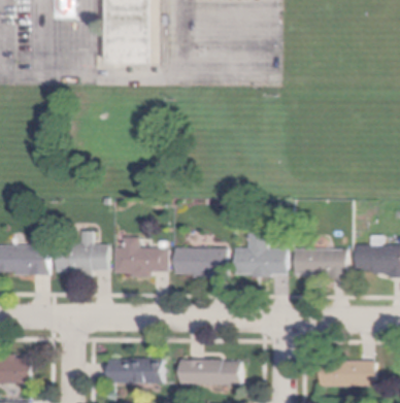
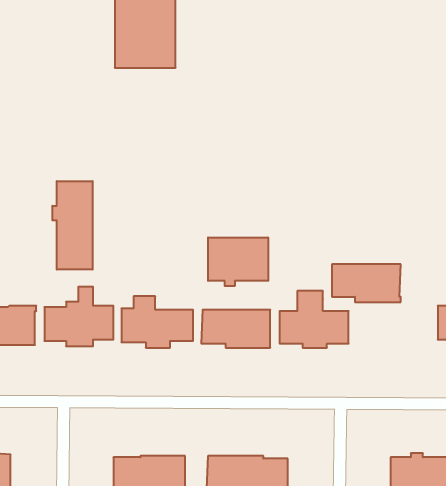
building: none -> [52,181,93,270]
building: none -> [208,237,268,286]
building: [294,248,346,277] -> [332,264,401,302]

